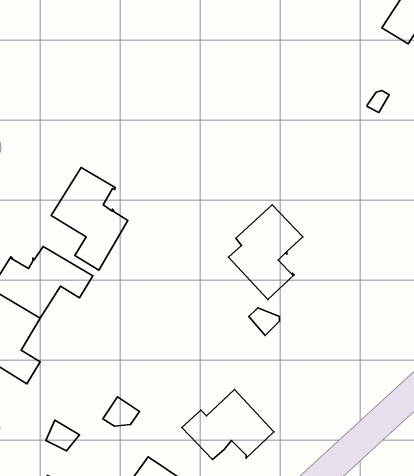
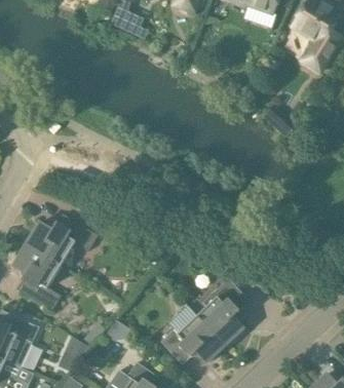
building: [51,167,128,270] -> none
building: [228,205,303,300] -> [197,278,250,345]

